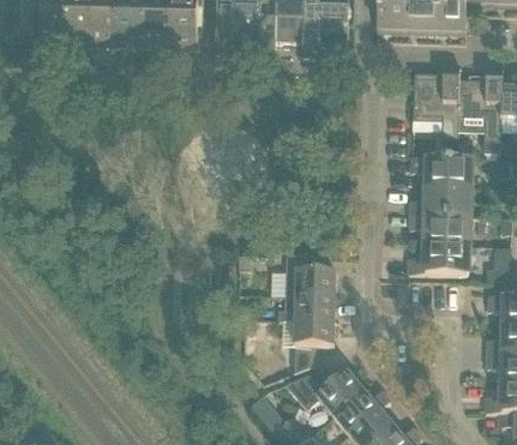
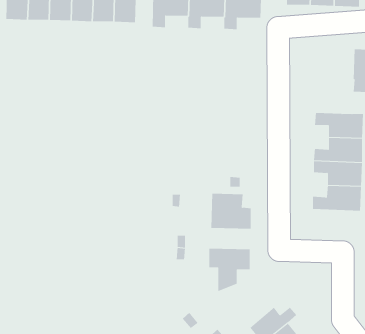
building: [414,64,461,156] -> none
building: [277,294,336,319] -> none
building: [285,367,363,414] -> none

